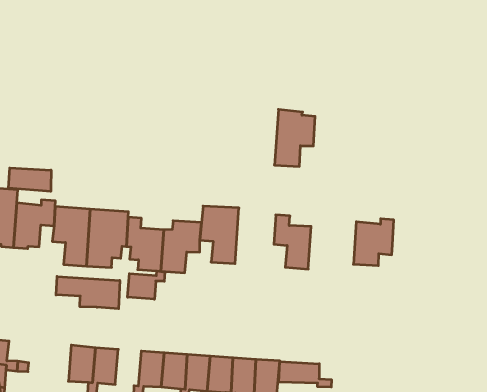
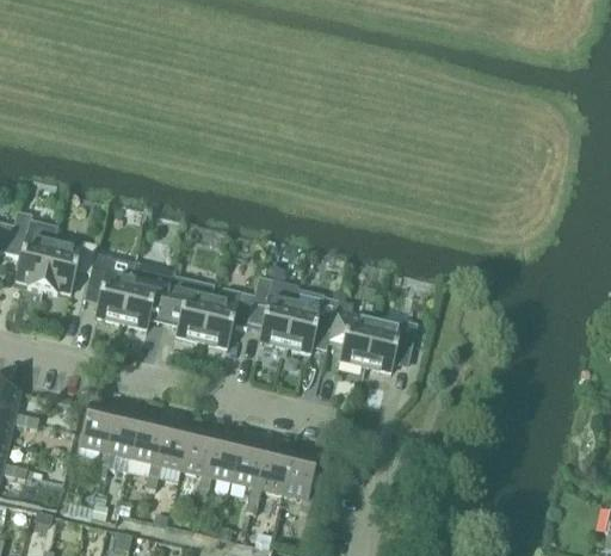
building: [274,109,315,166] -> [284,285,338,352]
building: [8,168,51,191] -> none
building: [353,219,394,266] -> [364,319,416,371]
building: [128,271,165,299] -> none
building: [56,276,120,309] -> none
building: none -> [130,420,165,464]
building: [279,362,331,387] -> none

